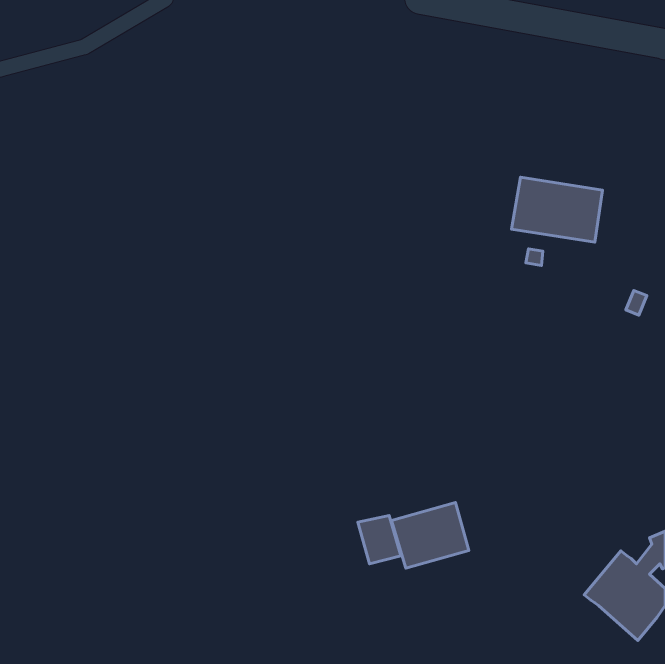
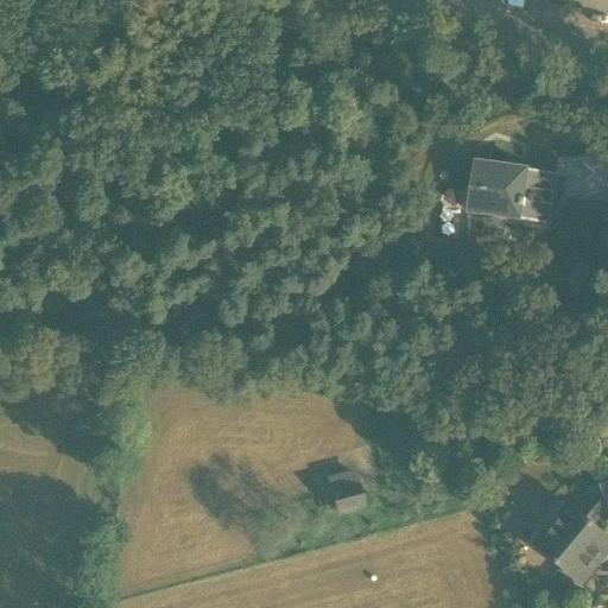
building: [392,502,469,568] -> none

